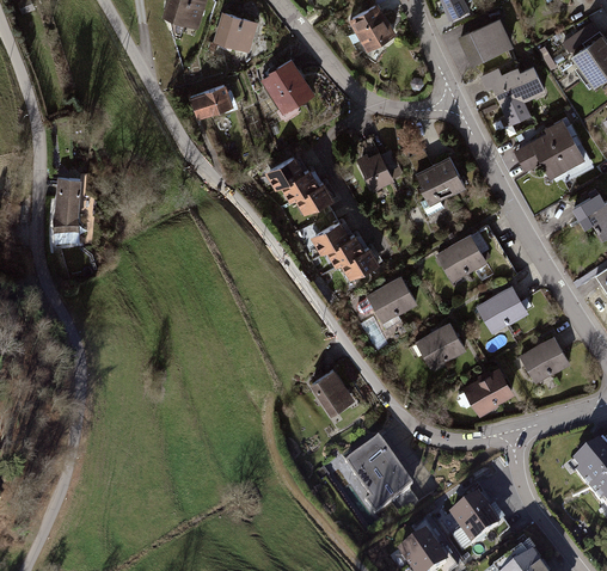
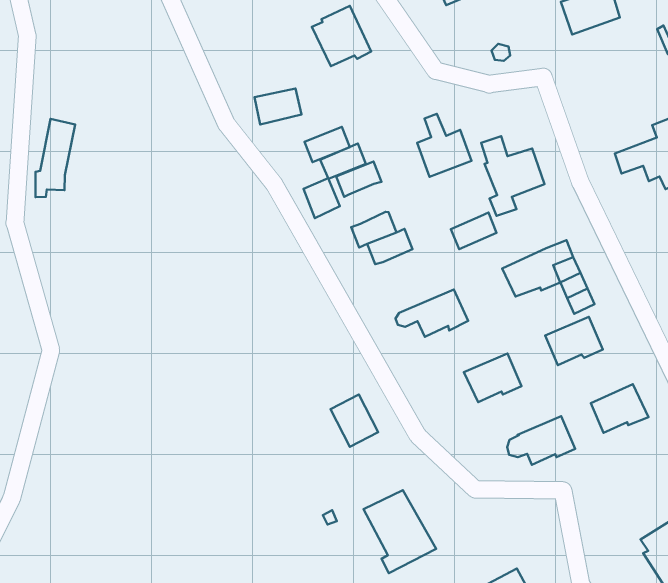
building: [482,67,544,121] -> none
building: [192,86,232,118] -> [254,89,301,125]
building: [307,201,338,234] -> [303,178,340,218]
building: [341,246,378,278] -> [451,213,497,249]

